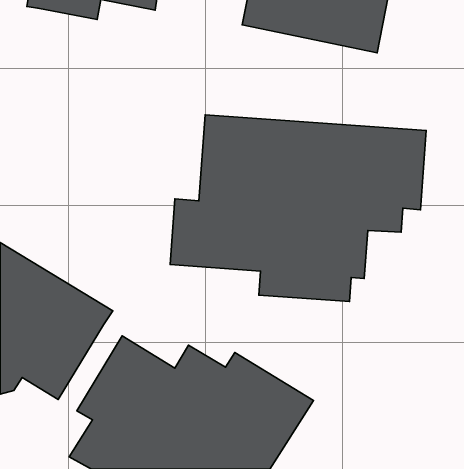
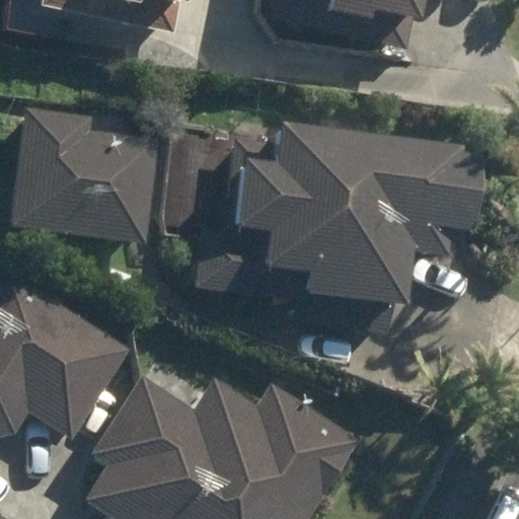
building: none -> [15,106,160,238]

